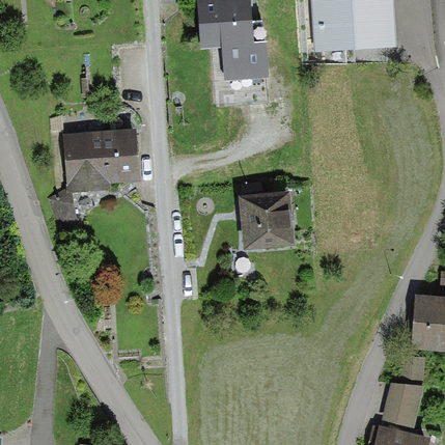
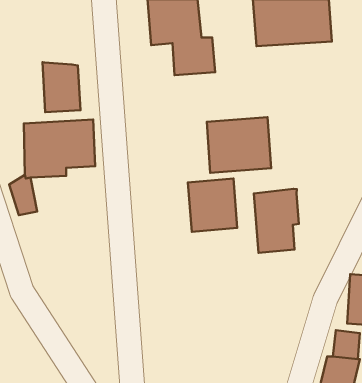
building: none -> [43,62,80,112]
building: none -> [207,117,271,173]
building: none -> [254,189,299,253]

